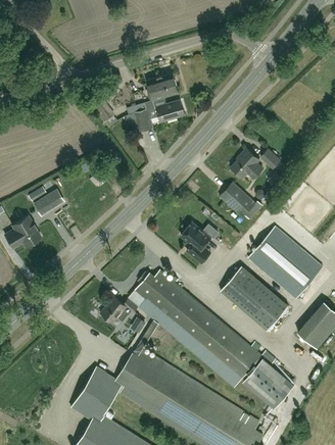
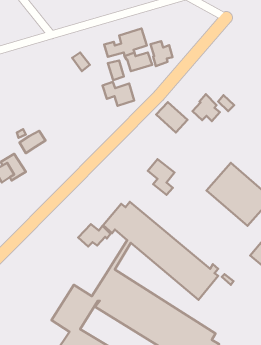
building: none -> [151,41,173,66]
building: none -> [103,82,134,106]
building: [221,183,256,217] -> [156,102,187,132]
building: [221,265,289,331] -> none
building: [243,360,294,409] -> none

